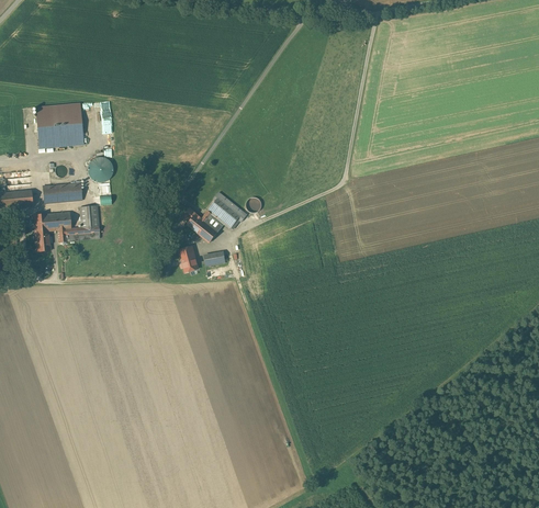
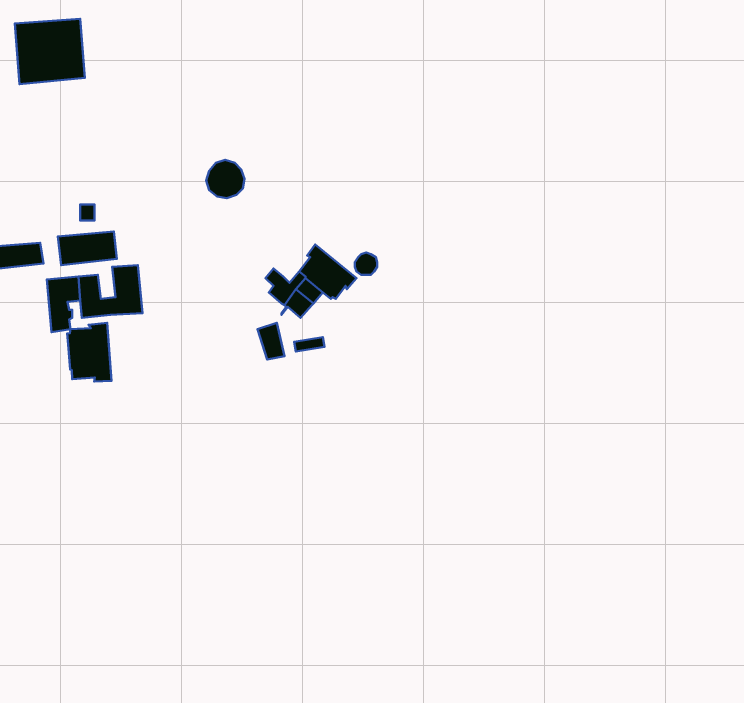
building: [35,103,83,148] -> [15,19,85,84]
building: [87,156,113,182] -> [206,160,244,198]
building: none -> [67,323,112,381]

